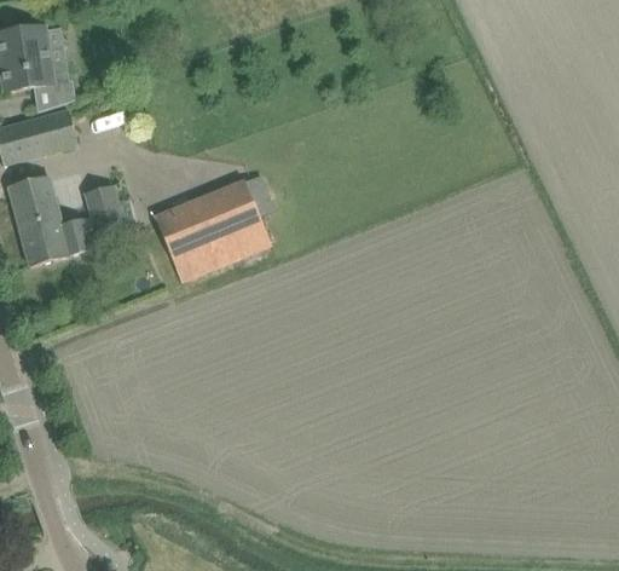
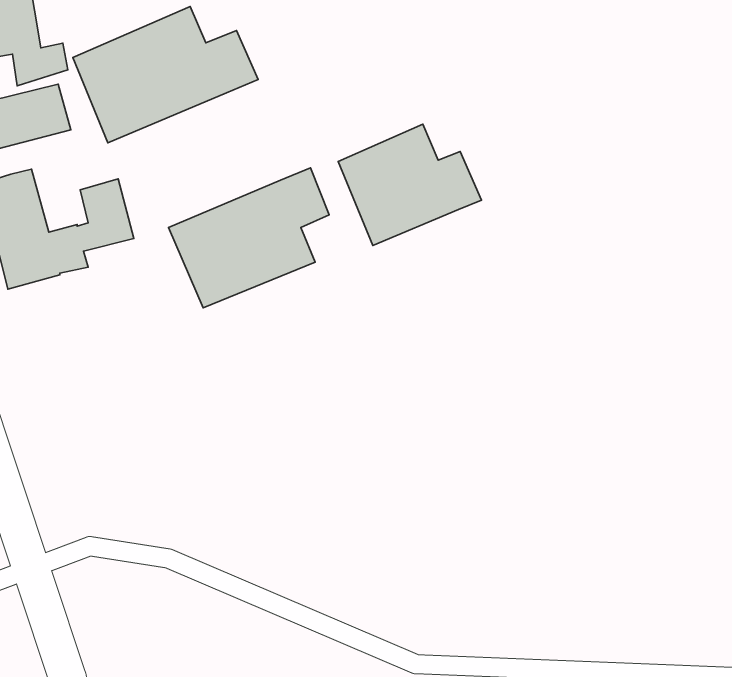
building: none -> [73,7,258,143]
building: none -> [338,124,481,246]

